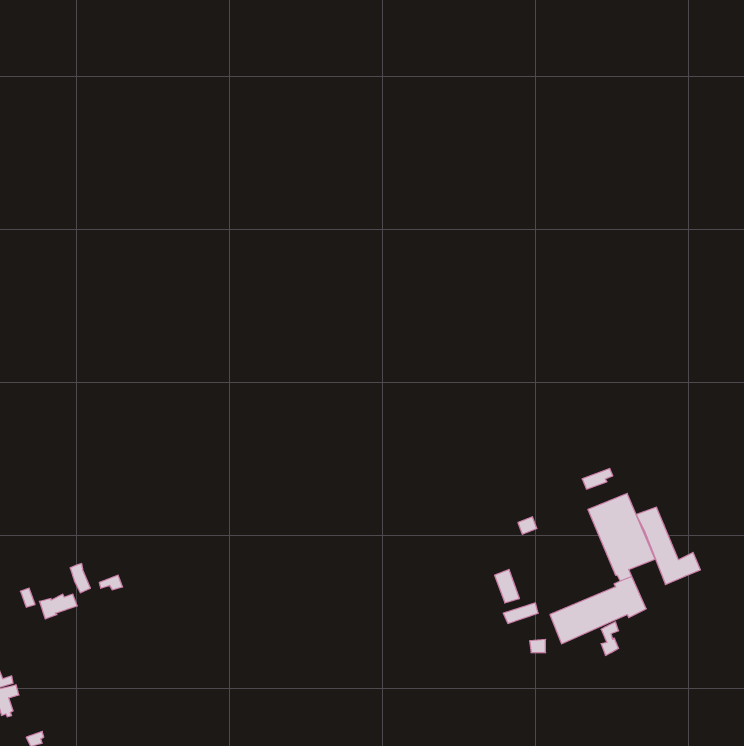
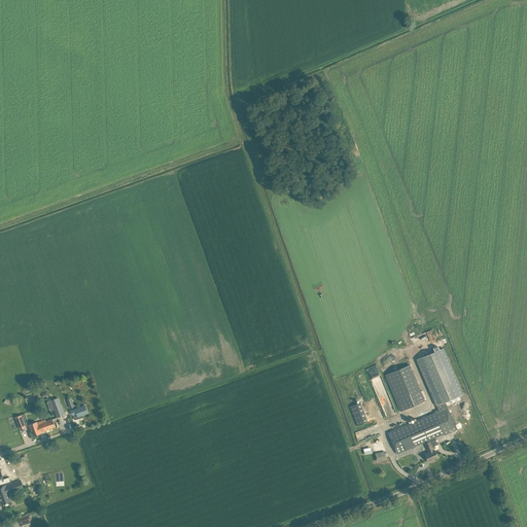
building: [636,507,700,585] -> [379,357,424,412]

